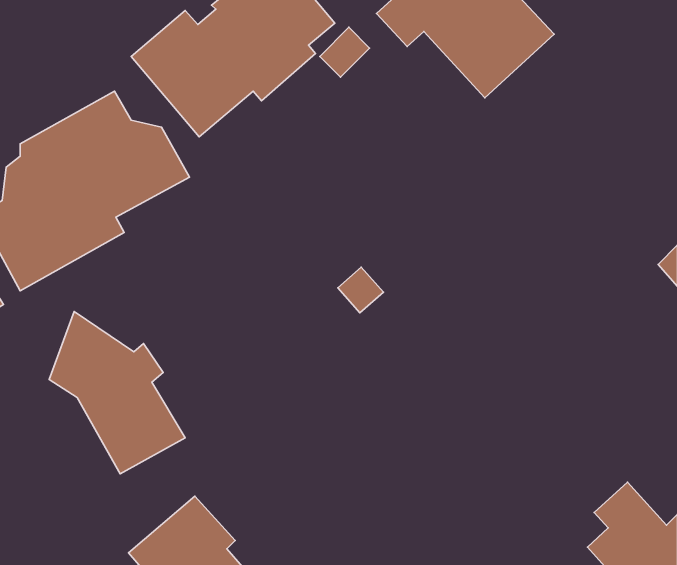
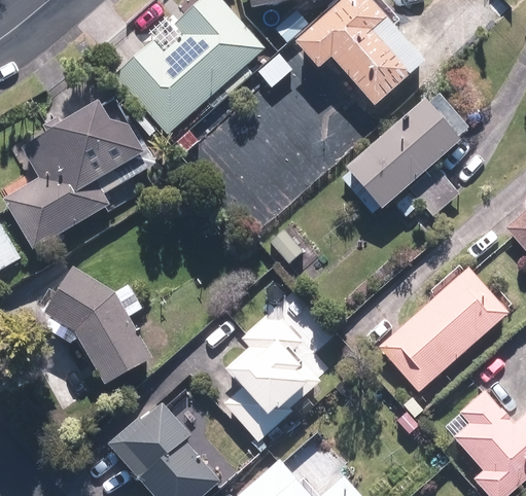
building: none -> [338,92,472,228]
building: none -> [378,265,507,391]
building: none -> [221,320,322,444]

